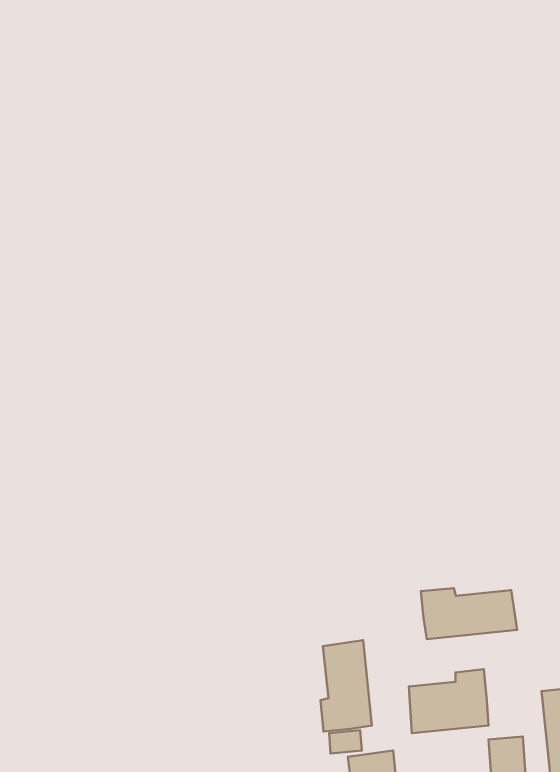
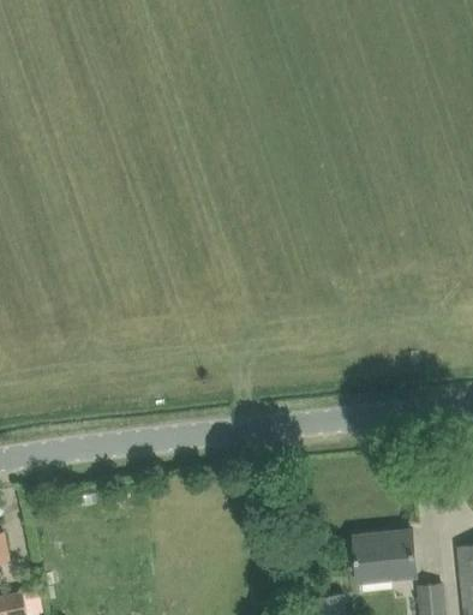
building: [421,588,517,639] -> none
building: [320,640,372,732] -> none

